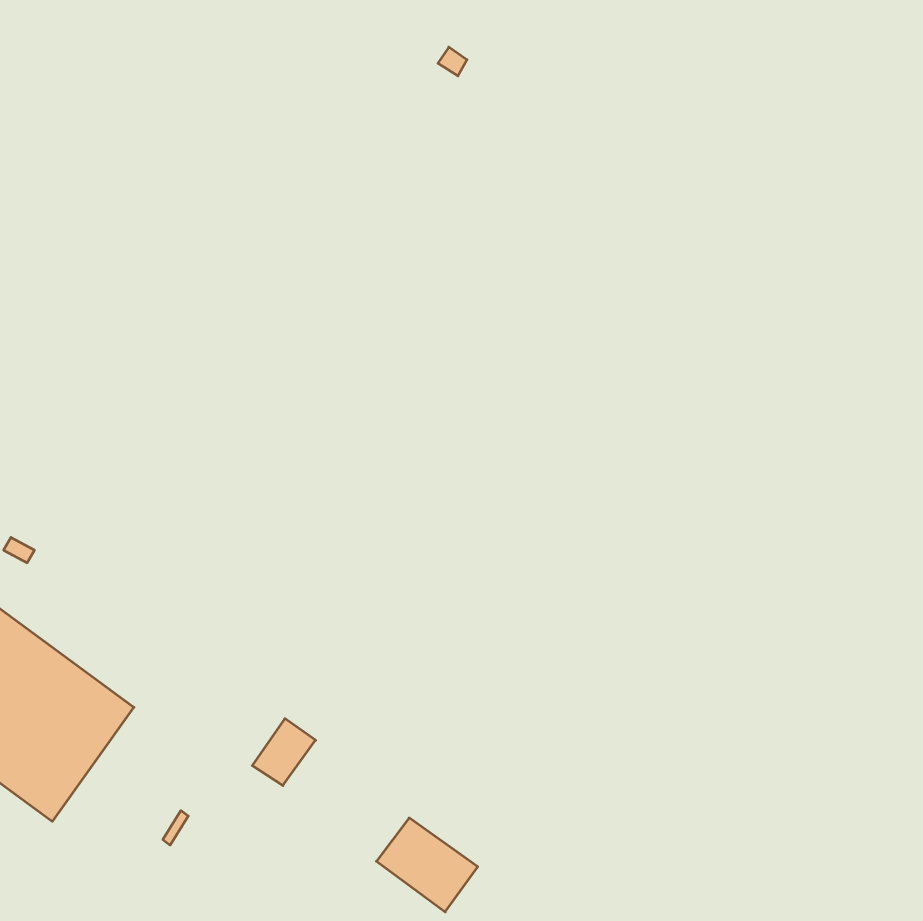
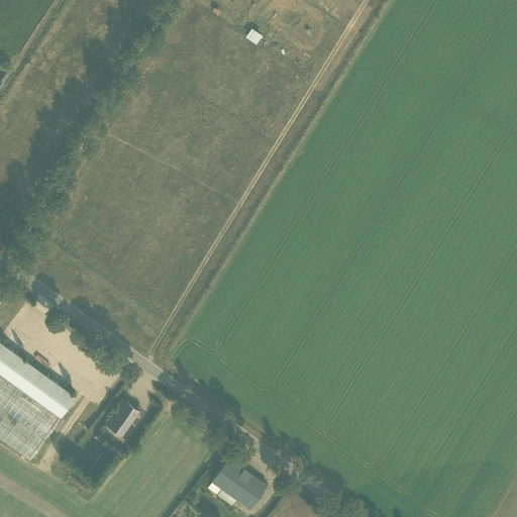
building: [252,719,316,786] -> [103,400,138,437]

